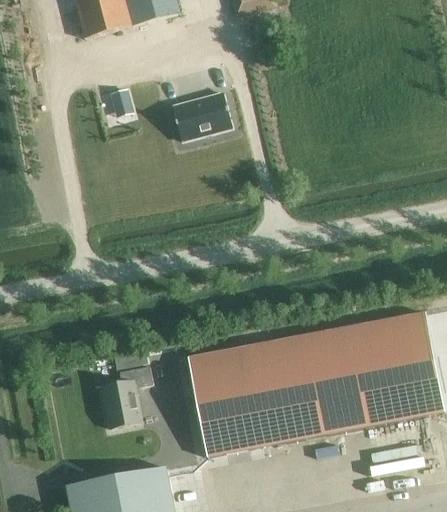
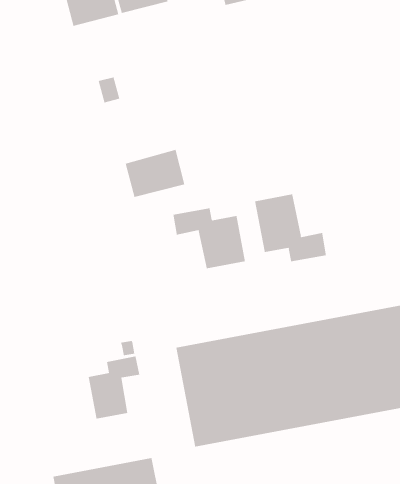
building: [172,92,232,140] -> [125,149,185,198]
building: none -> [255,194,327,262]
building: none -> [173,208,246,269]

